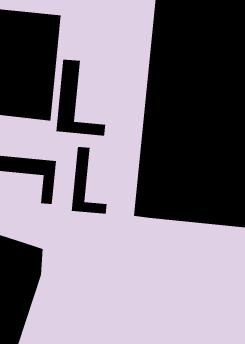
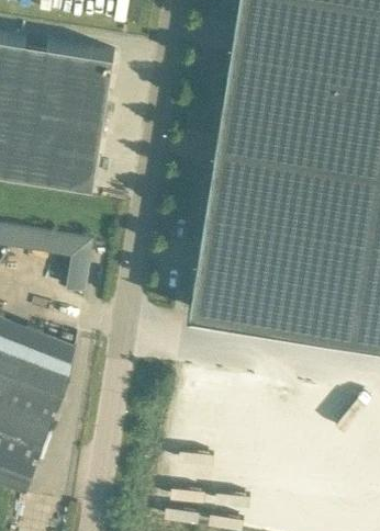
building: [56,59,106,136] -> none
building: [71,146,107,214] -> none

